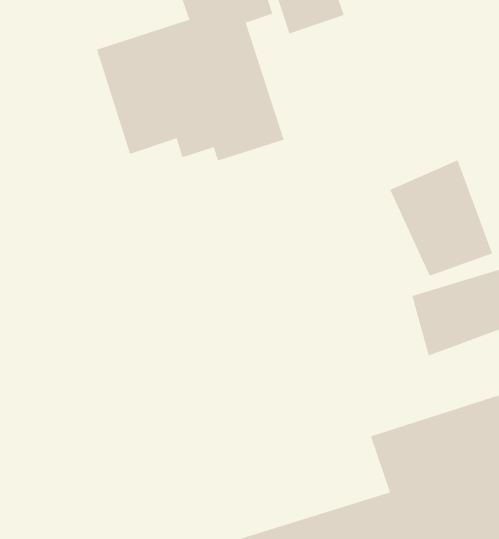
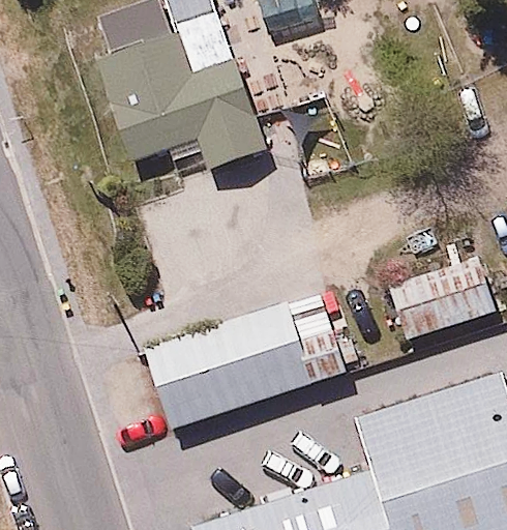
building: [390,159,493,276] -> none
building: none -> [145,293,348,433]

